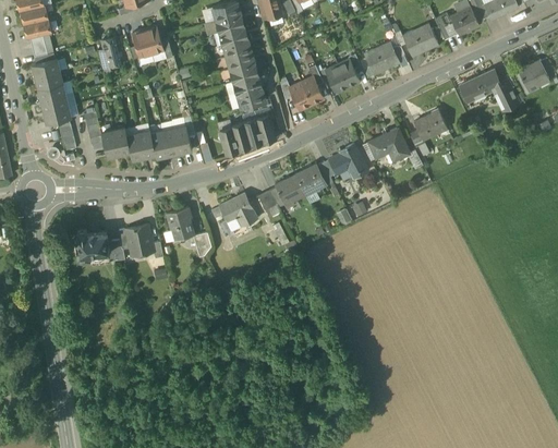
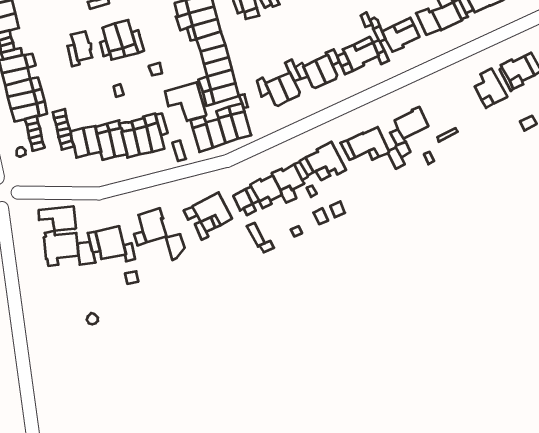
building: [460,70,500,101] -> none
building: none -> [165,82,206,121]
building: none -> [39,206,76,231]

